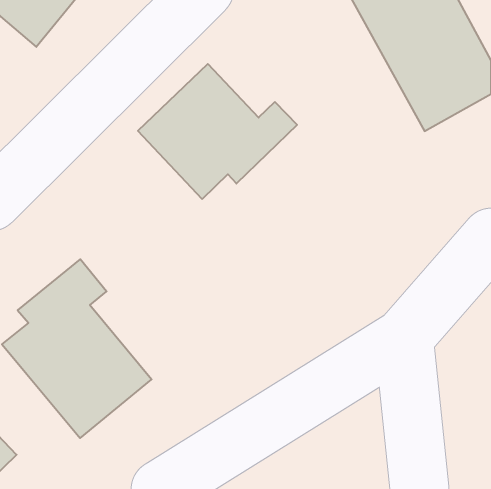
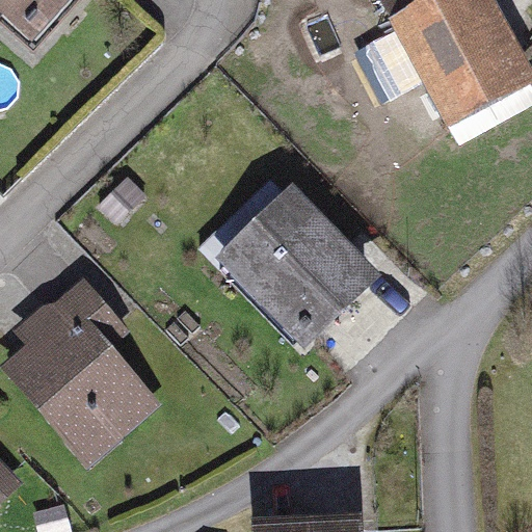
building: [138,64,297,199] -> none
building: none -> [204,169,382,348]

